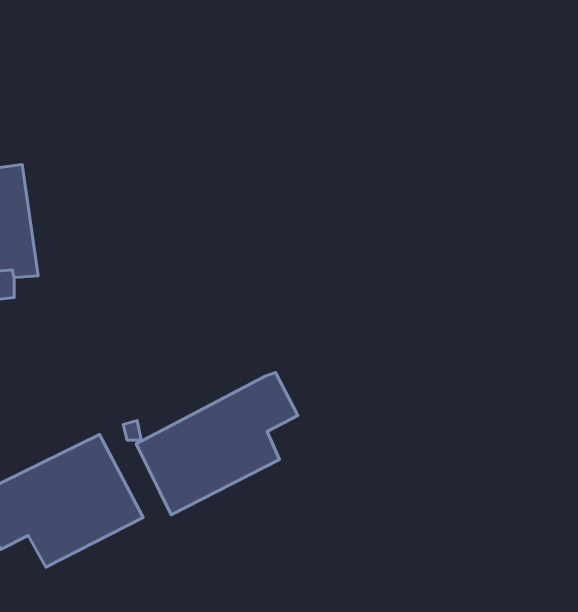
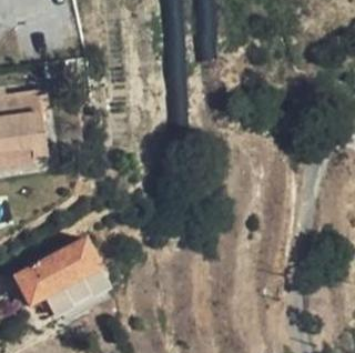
building: [136,373,298,515] -> none

